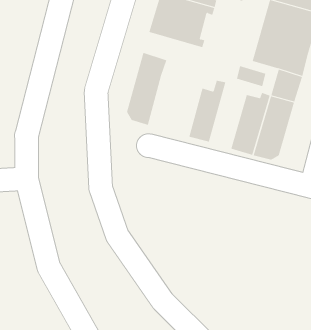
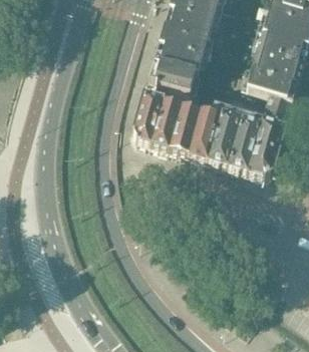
building: none -> [148,58,203,89]
building: none -> [153,97,202,152]
building: none -> [209,103,242,163]

